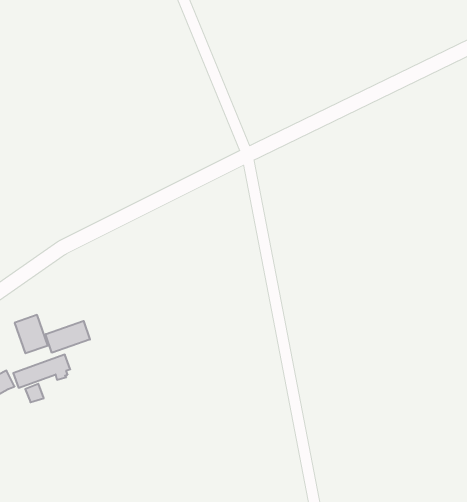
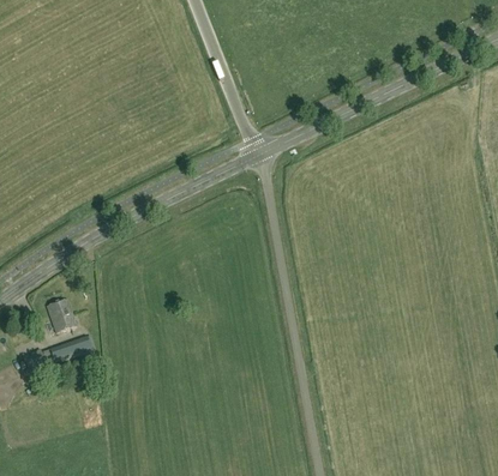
building: [46,321,90,353] -> none

